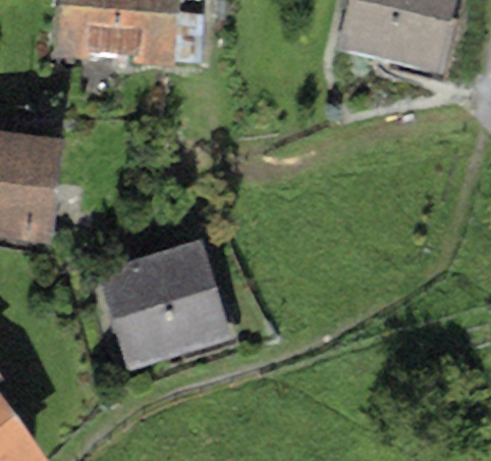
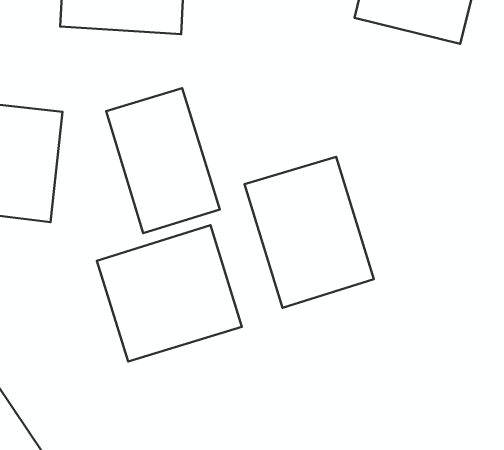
building: none -> [106,88,220,233]
building: none -> [244,157,374,308]

